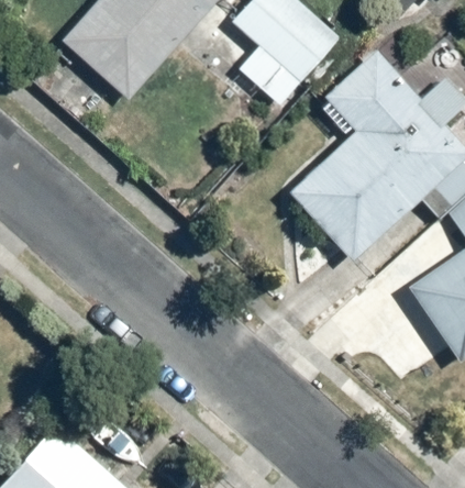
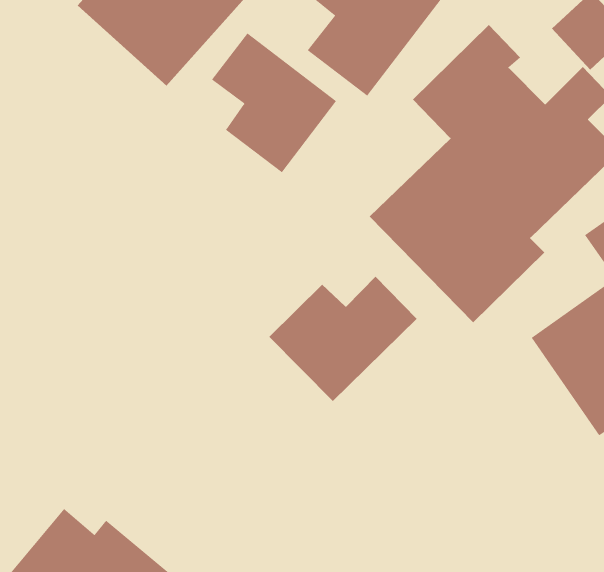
building: none -> [211,33,337,173]
building: none -> [269,276,418,402]

